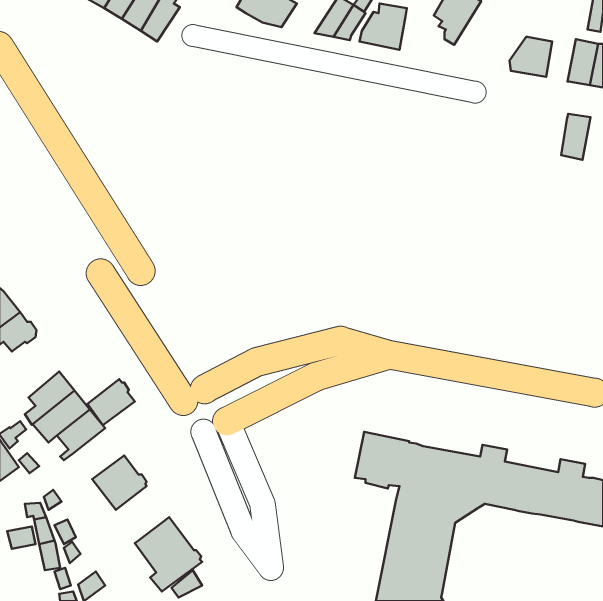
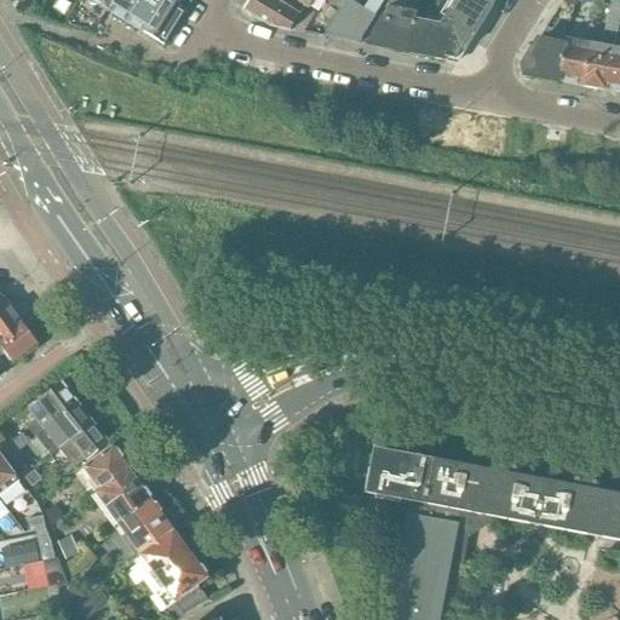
building: none -> [409,16,465,59]
building: [561,114,591,160] -> [559,36,590,84]
building: [87,379,135,425] -> [79,443,127,490]
building: none -> [119,498,173,553]

